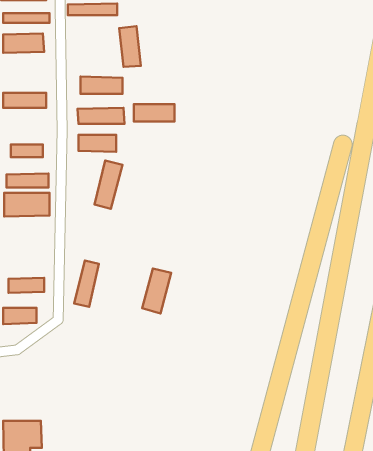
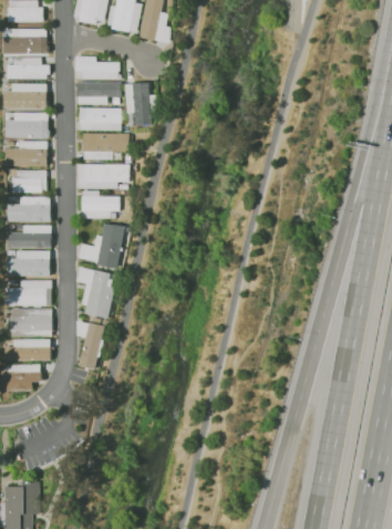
building: none -> [78,82,120,97]
building: none -> [9,118,47,136]
building: [134,104,175,121] -> [76,110,118,127]
building: none -> [9,175,40,191]
building: none -> [9,288,52,305]
building: none -> [10,314,51,333]
building: [142,268,171,314] -> [85,269,115,315]

